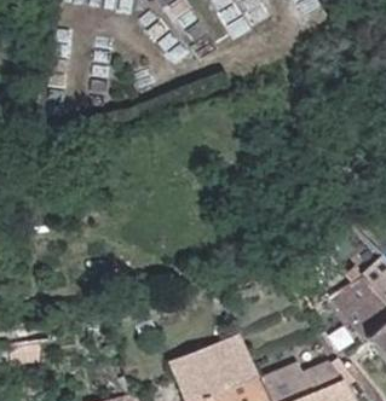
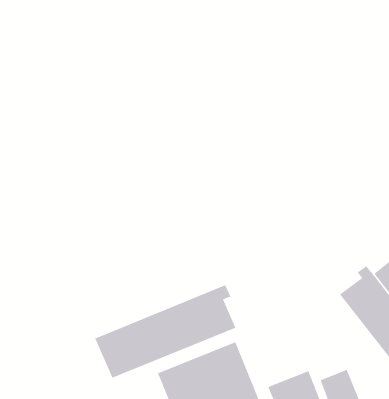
building: none -> [94,285,236,378]

